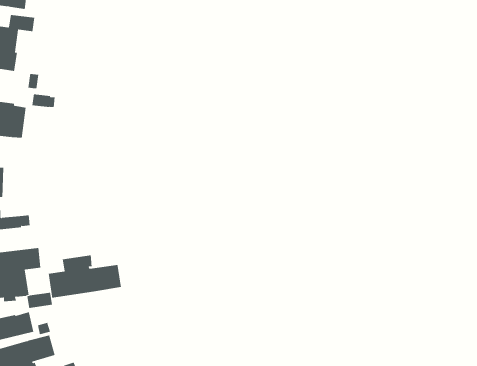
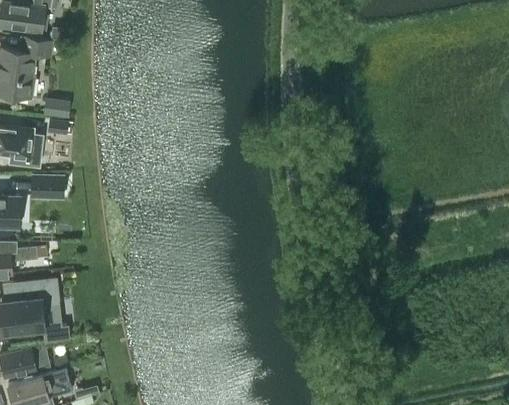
building: none -> [31,176,63,199]
building: [48,255,121,299] -> none

